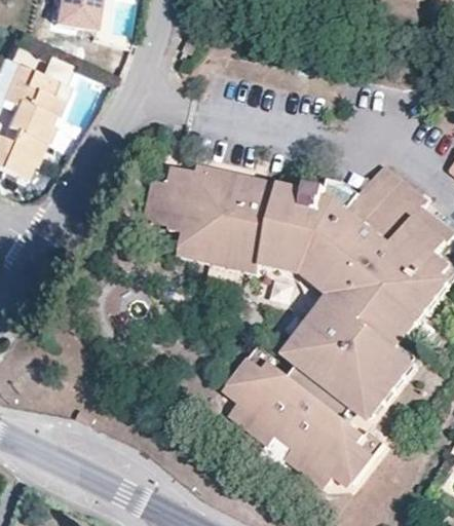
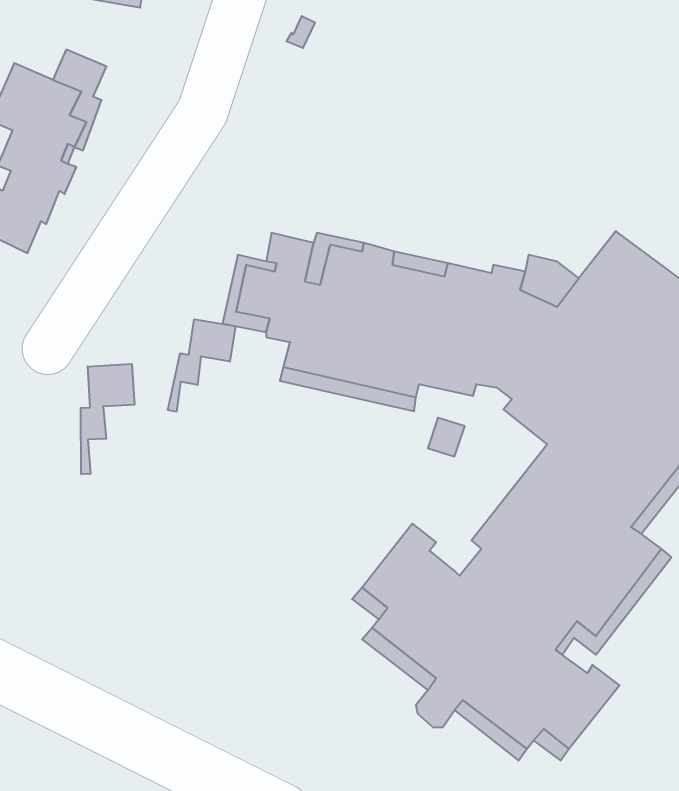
building: none -> [168,319,235,412]
building: none -> [81,364,134,474]
building: [260,258,340,375] -> none

